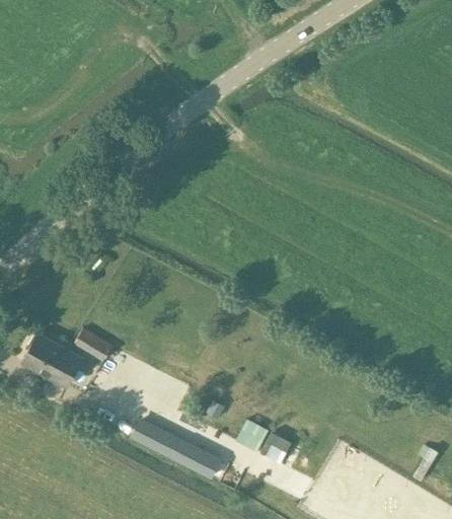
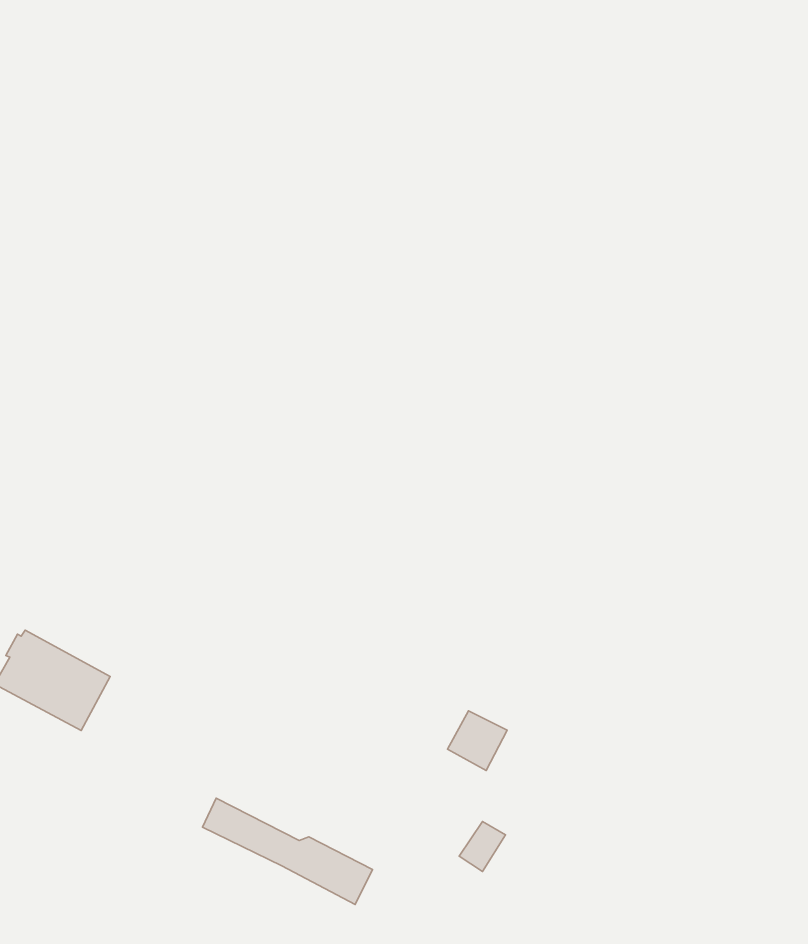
building: [73,329,111,362] -> none
building: [237,419,269,450] -> [447,711,507,771]

